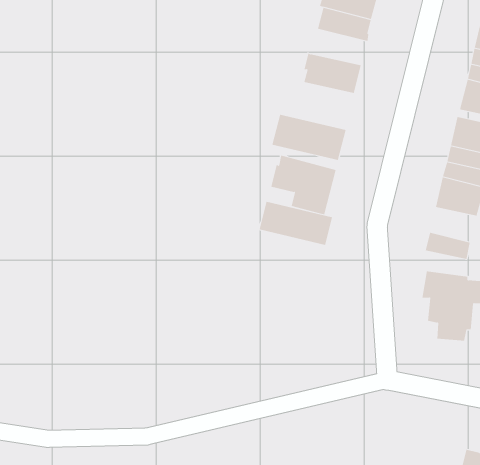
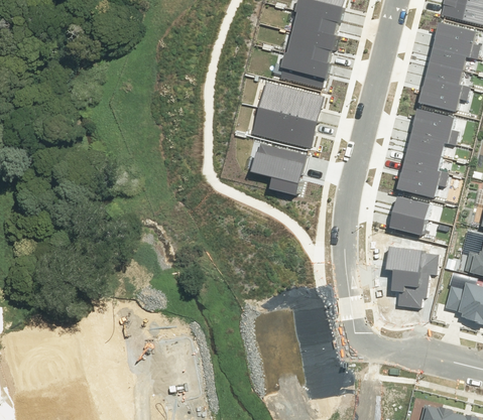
building: none -> [285,30,337,62]
building: [259,201,333,245] -> [258,81,324,120]
building: none -> [391,195,432,220]

